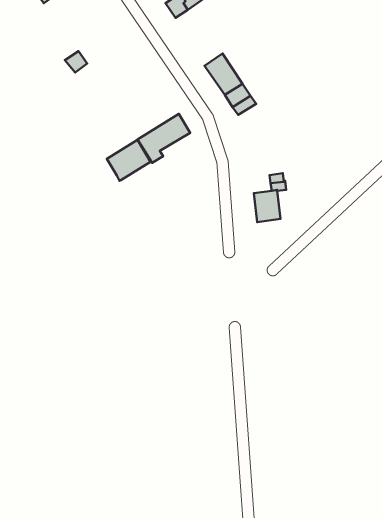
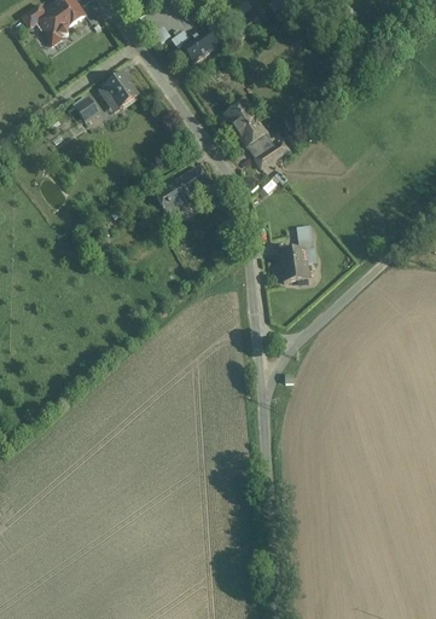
building: none -> [98,73,136,106]
building: [107,140,150,181] -> none

